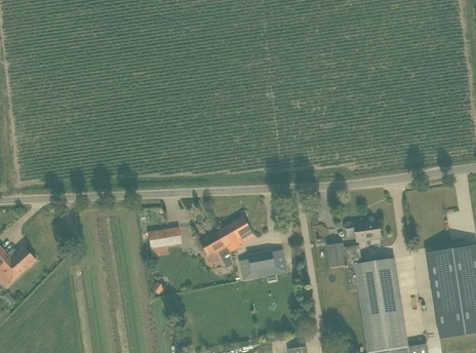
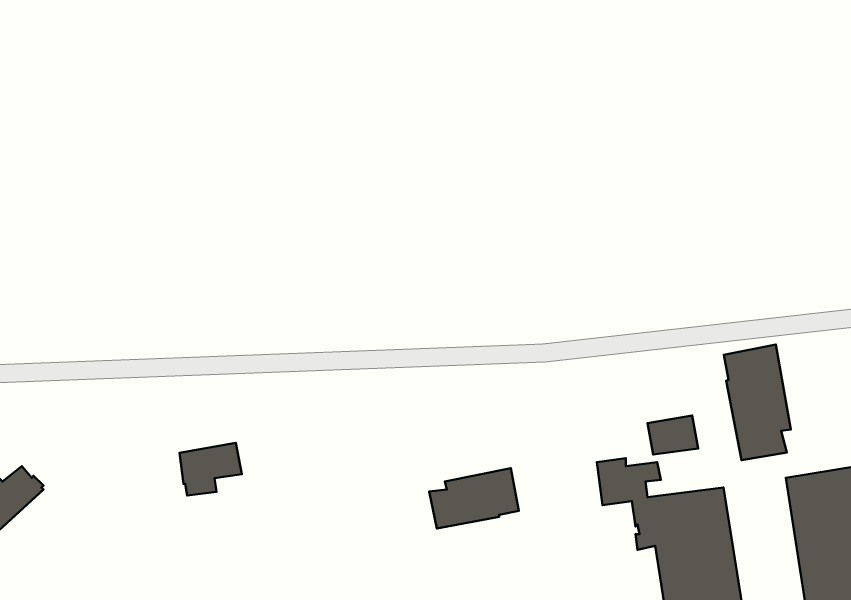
building: none -> [724,345,791,460]
building: [198,215,253,266] -> none
building: [148,226,181,253] -> [179,443,242,496]

